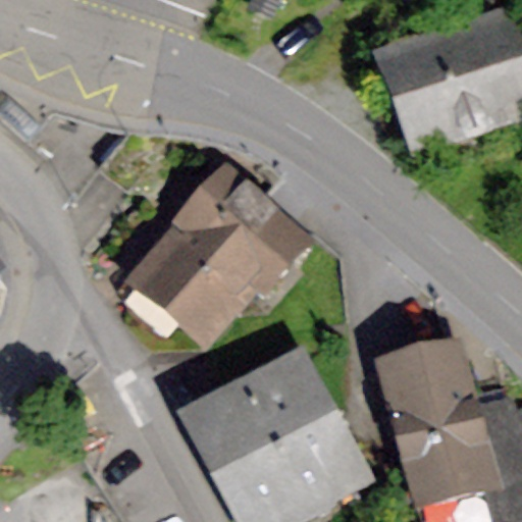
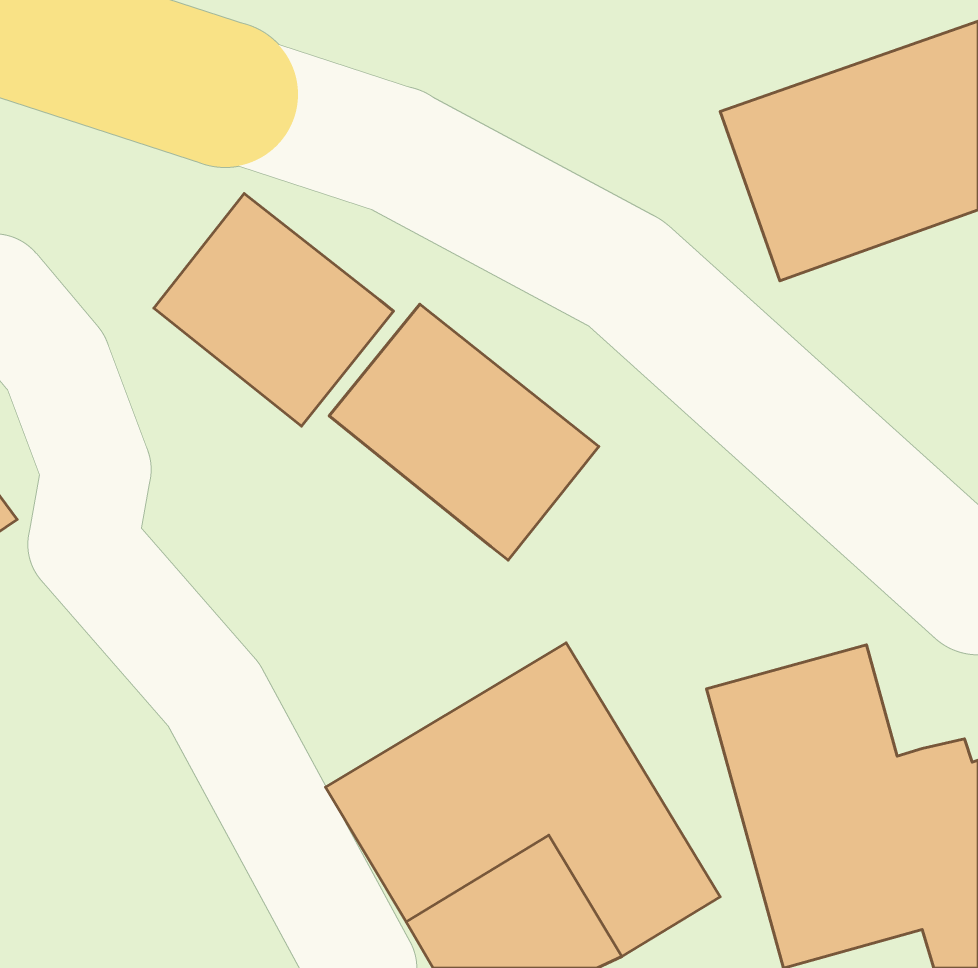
building: none -> [154,194,394,426]
building: [125,220,260,350] -> none

